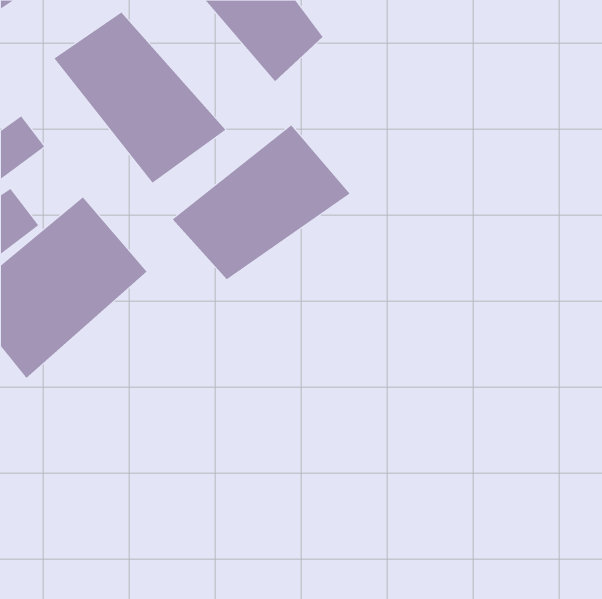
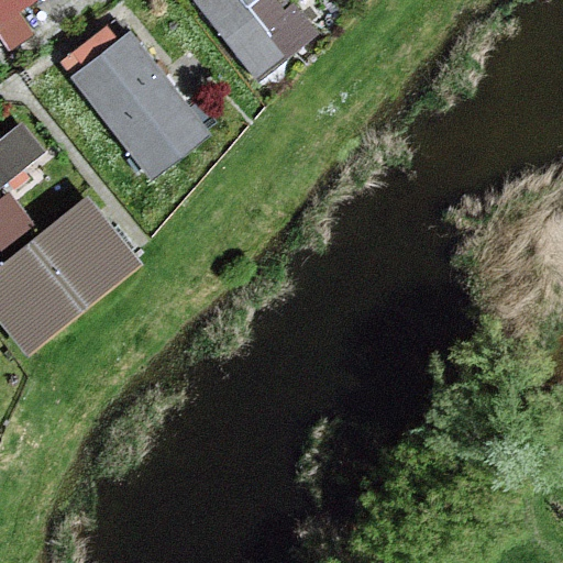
building: [172,125,350,280] -> none

